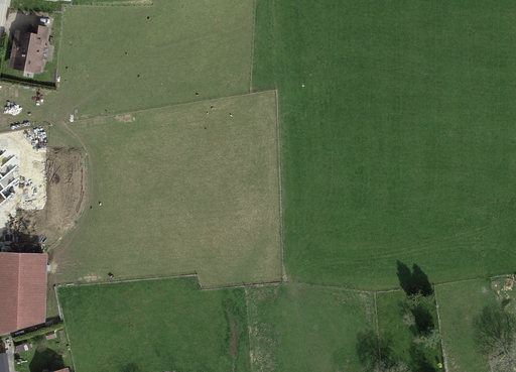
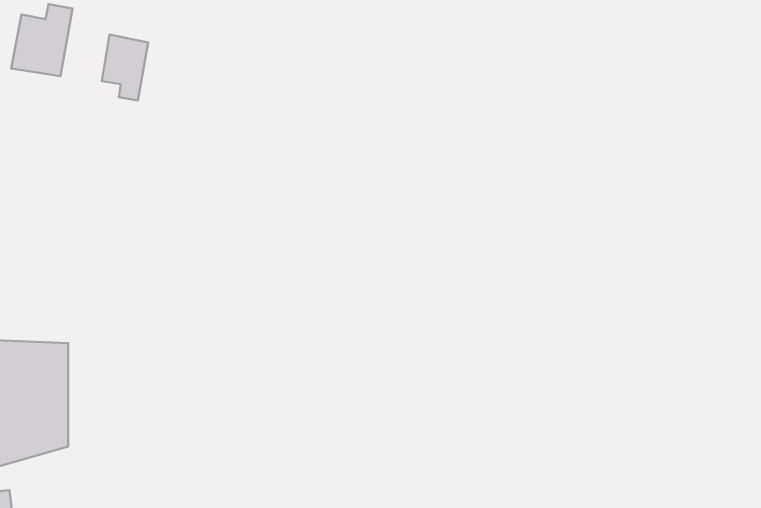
building: none -> [102,35,148,100]

